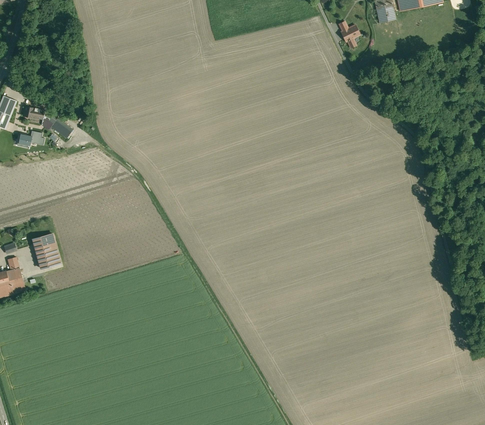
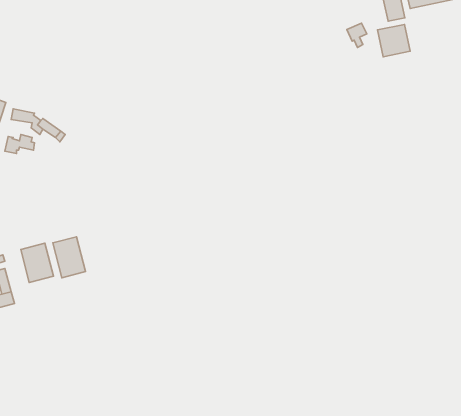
building: none -> [378,24,410,57]
building: none -> [53,237,86,278]

